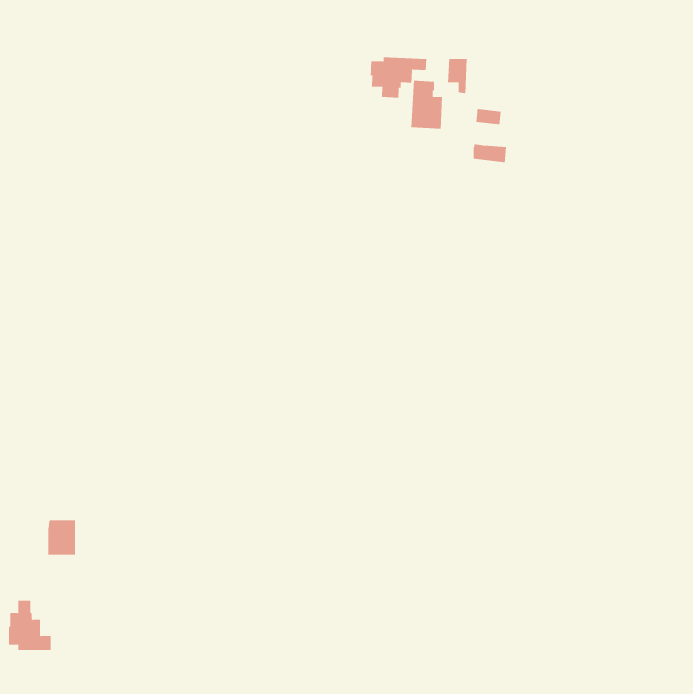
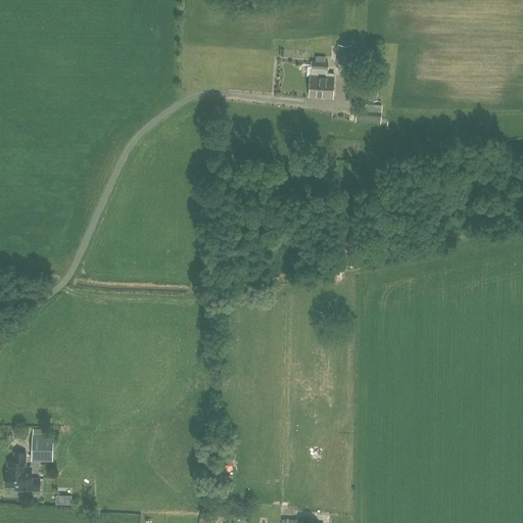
building: [370,57,427,98] -> none
building: [47,520,76,555] -> [31,434,52,461]

